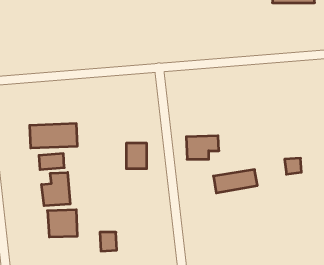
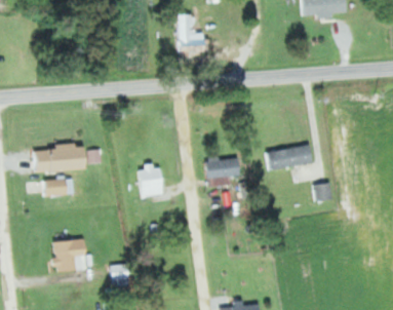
building: none -> [176,16,206,52]
building: [213,170,257,193] -> [265,145,313,170]
building: [42,172,70,206] -> none

